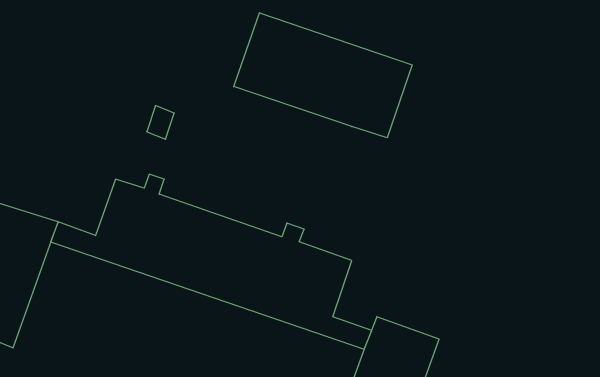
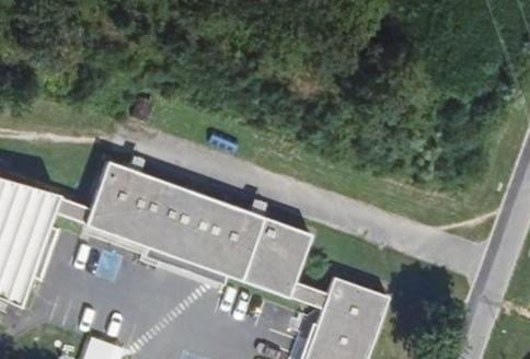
building: [234,13,412,138] -> none

